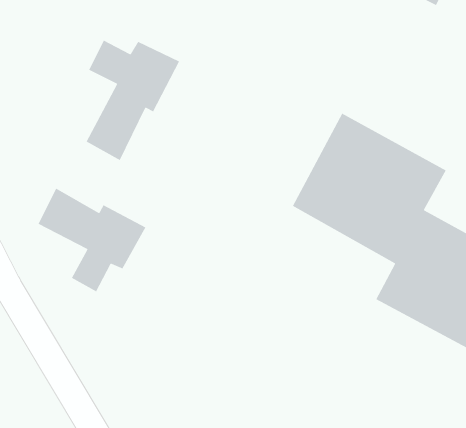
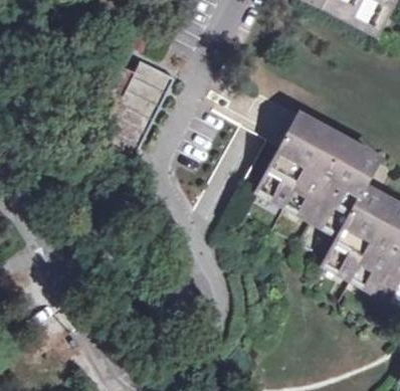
building: [37,187,147,292] -> none

